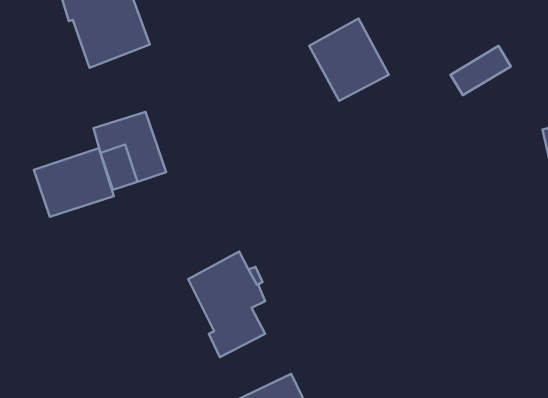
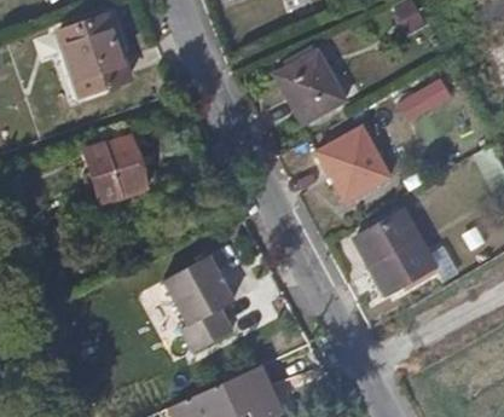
building: none -> [315,132,386,203]
building: [34,148,114,217] -> none
building: none -> [361,212,435,293]

